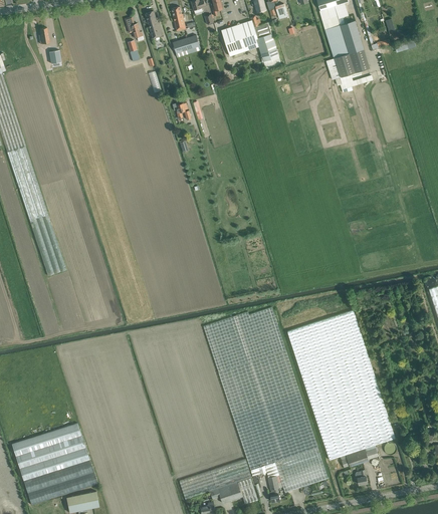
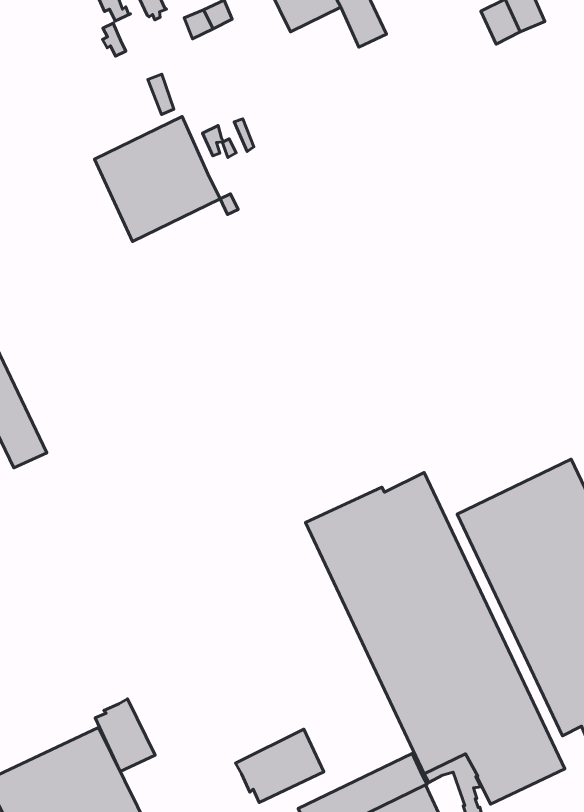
building: none -> [95,117,220,241]
building: none -> [95,699,155,771]
building: none -> [235,729,324,803]

